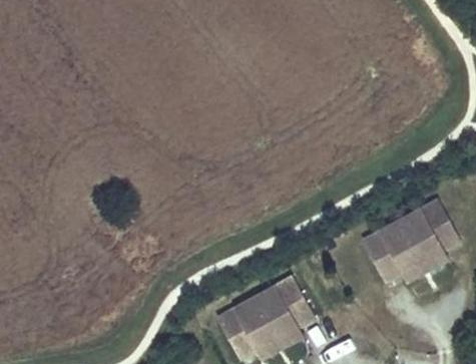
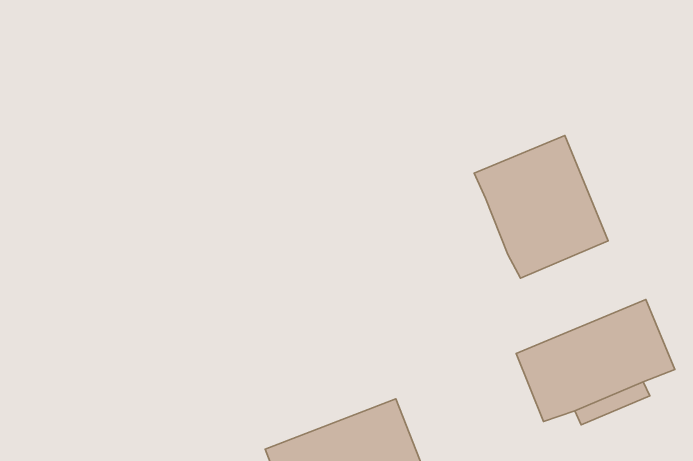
building: none -> [474,135,608,278]

